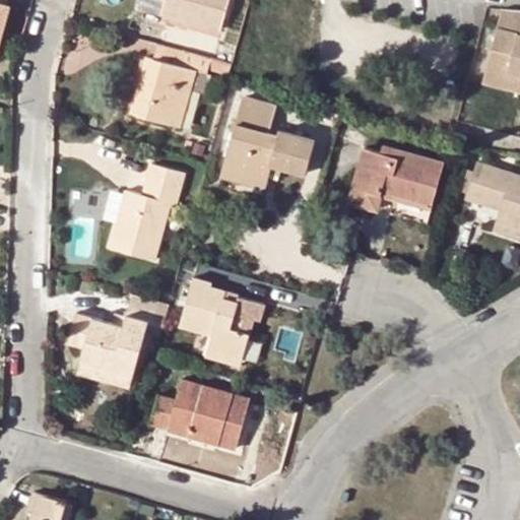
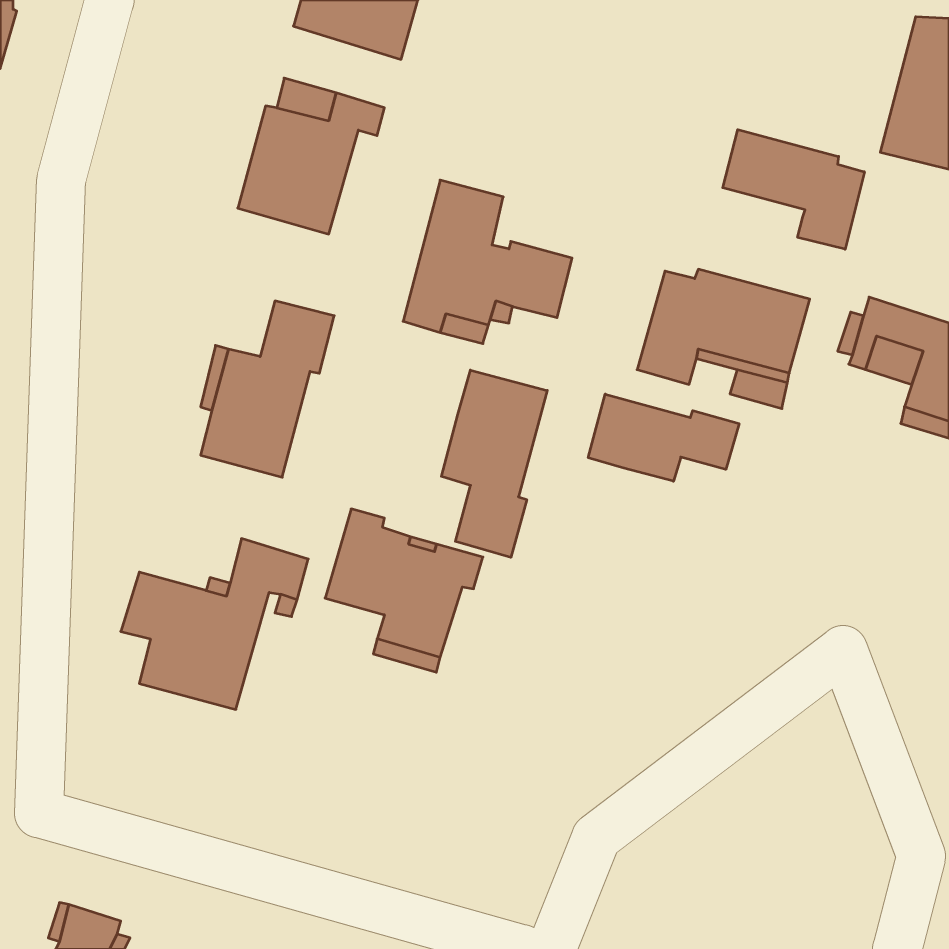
building: none -> [723,130,864,249]
building: none -> [441,370,547,557]
building: none -> [588,394,739,481]
building: [149,381,249,452] -> none

